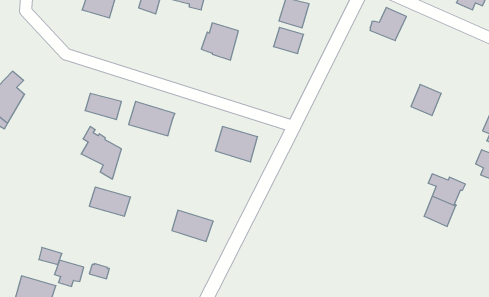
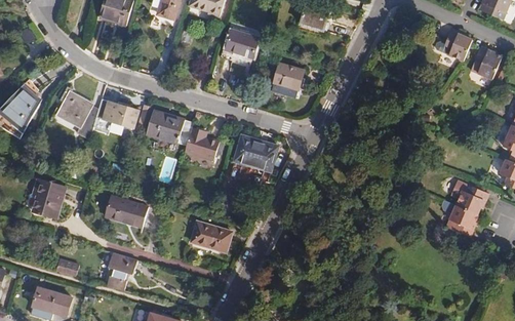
building: [370,7,406,41] -> [437,29,474,63]
building: [273,27,304,54] -> [273,64,304,90]
building: [411,84,441,116] -> [471,47,502,79]
building: none -> [184,127,219,160]
building: [81,127,121,179] -> [57,86,98,139]
building: none -> [32,177,66,218]
building: [54,260,84,286] -> [107,252,136,279]

